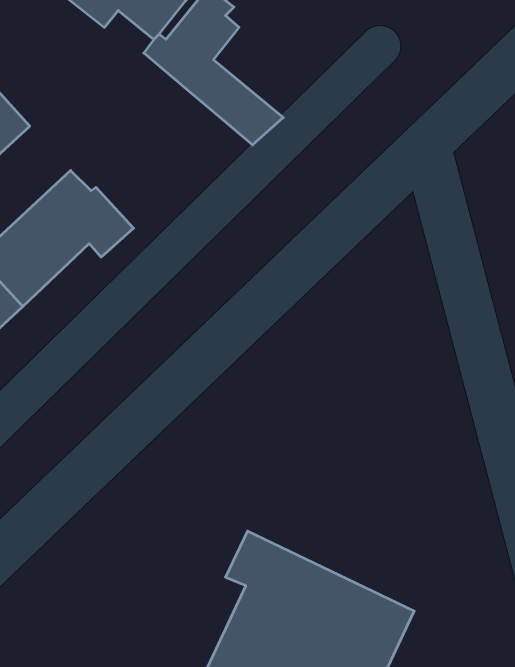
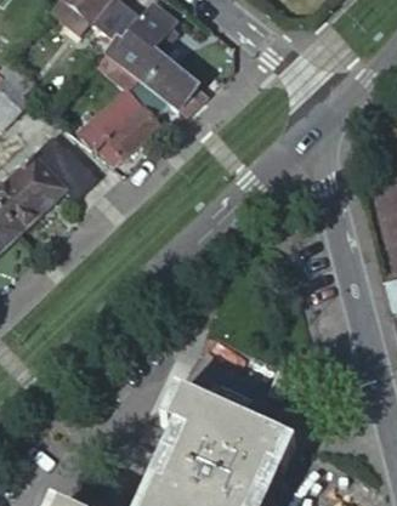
building: none -> [74,75,169,163]

